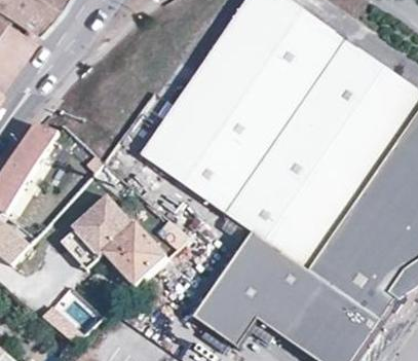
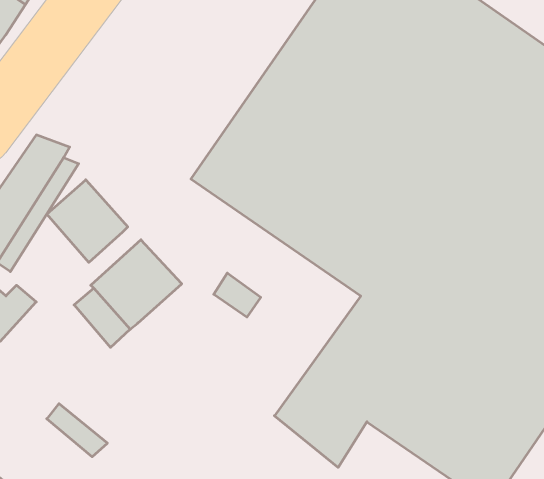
building: none -> [47,180,128,262]
building: [103,222,165,286] -> none

